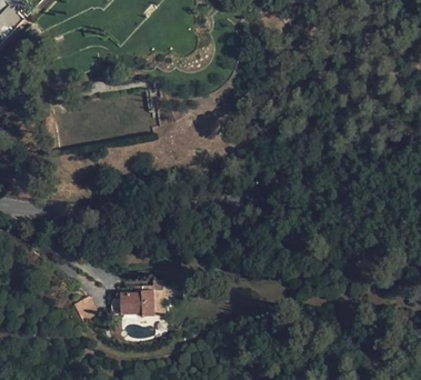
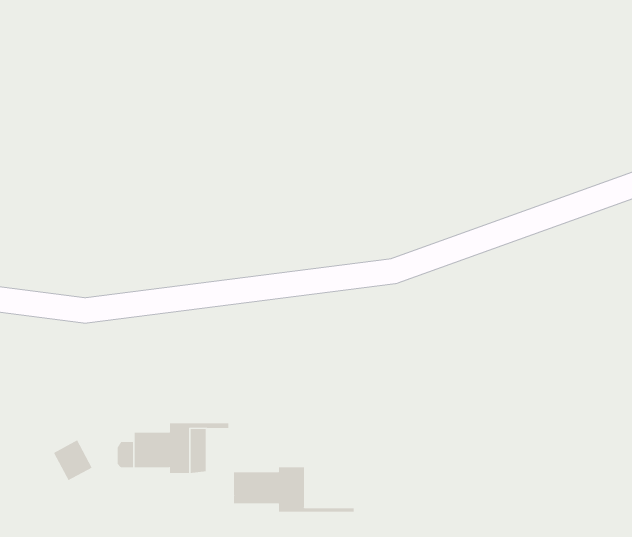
building: none -> [234,466,354,513]

